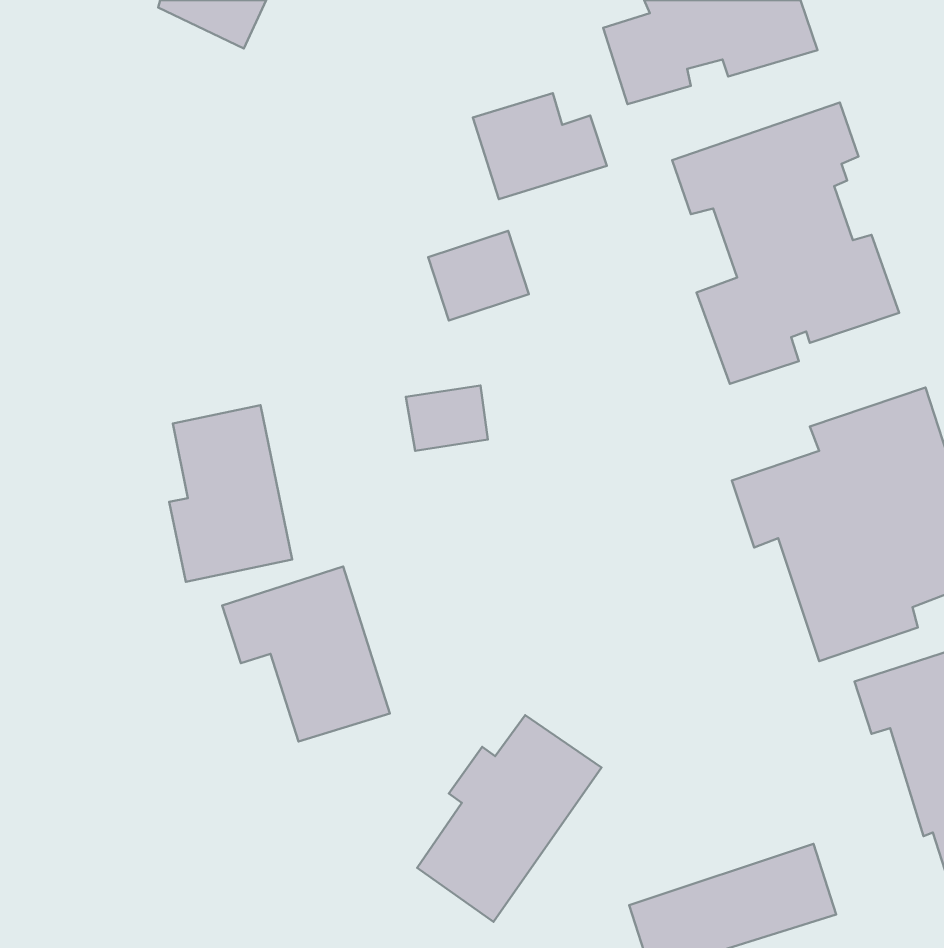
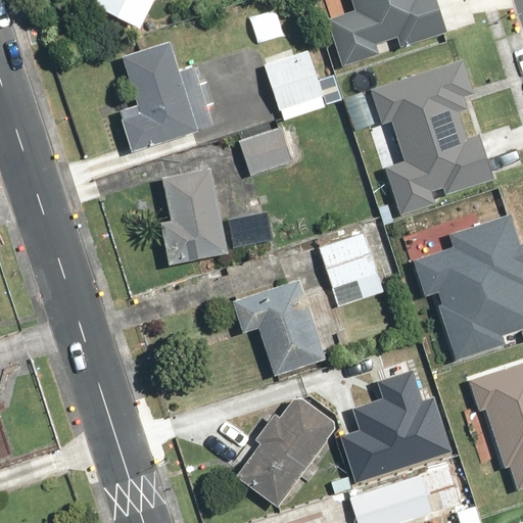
building: none -> [115,43,194,151]
building: [169,405,292,582] -> [156,169,224,266]
building: none -> [319,236,385,307]
building: [222,566,390,741] -> [231,280,323,376]
building: none -> [347,364,456,477]

